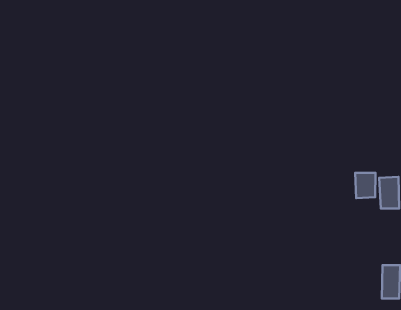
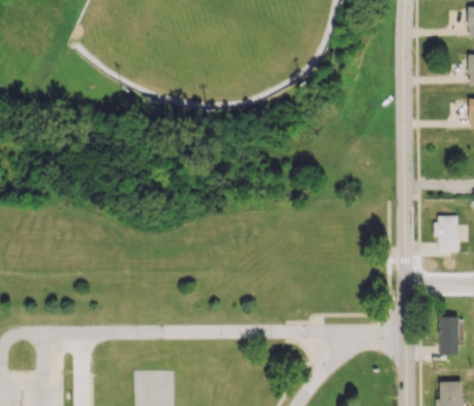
building: [355,173,376,198] -> none

